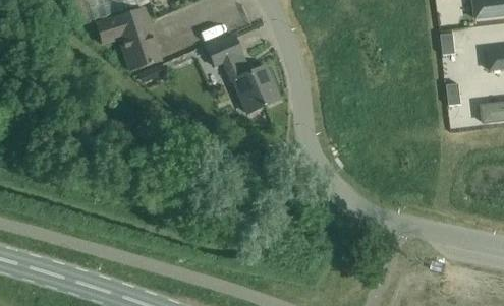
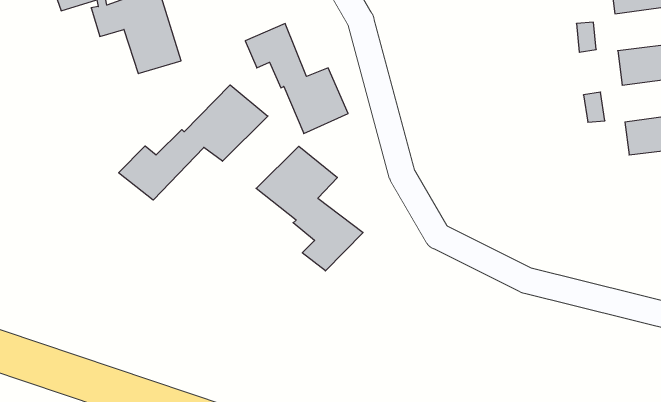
building: none -> [119,85,268,200]
building: none -> [256,146,363,271]

